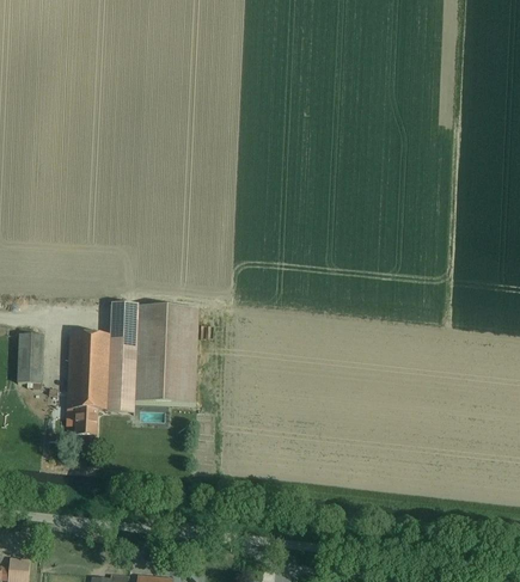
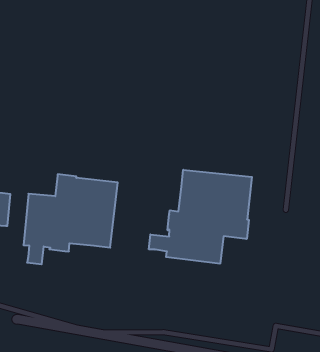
building: none -> [149,170,252,264]

